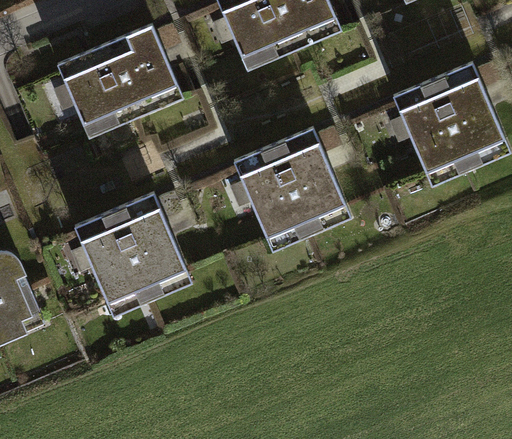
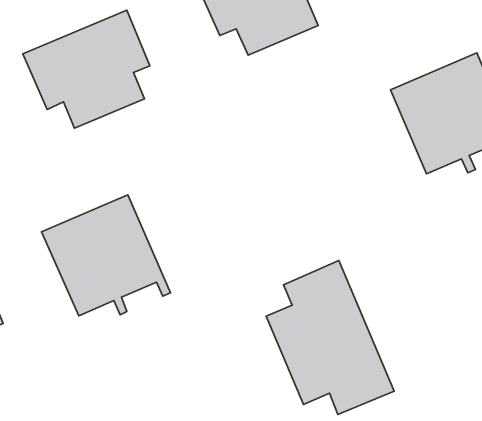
building: [234,129,352,240] -> none
building: none -> [266,261,394,414]

